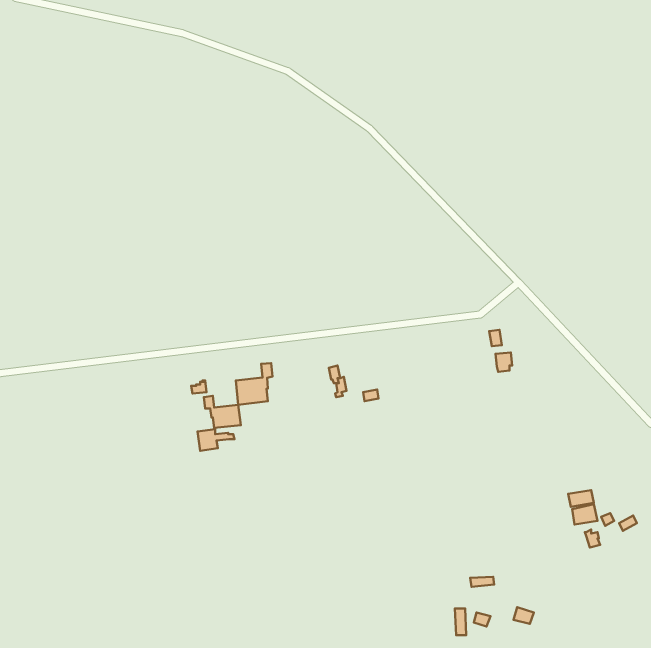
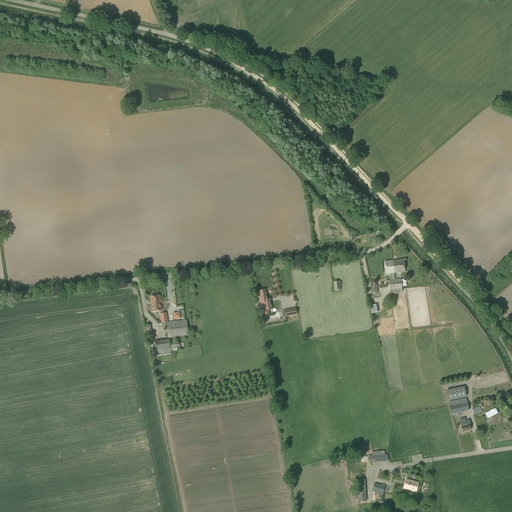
building: [236,363,273,405] -> none

